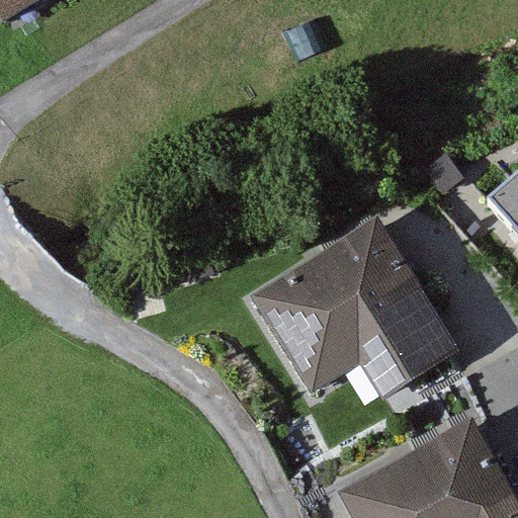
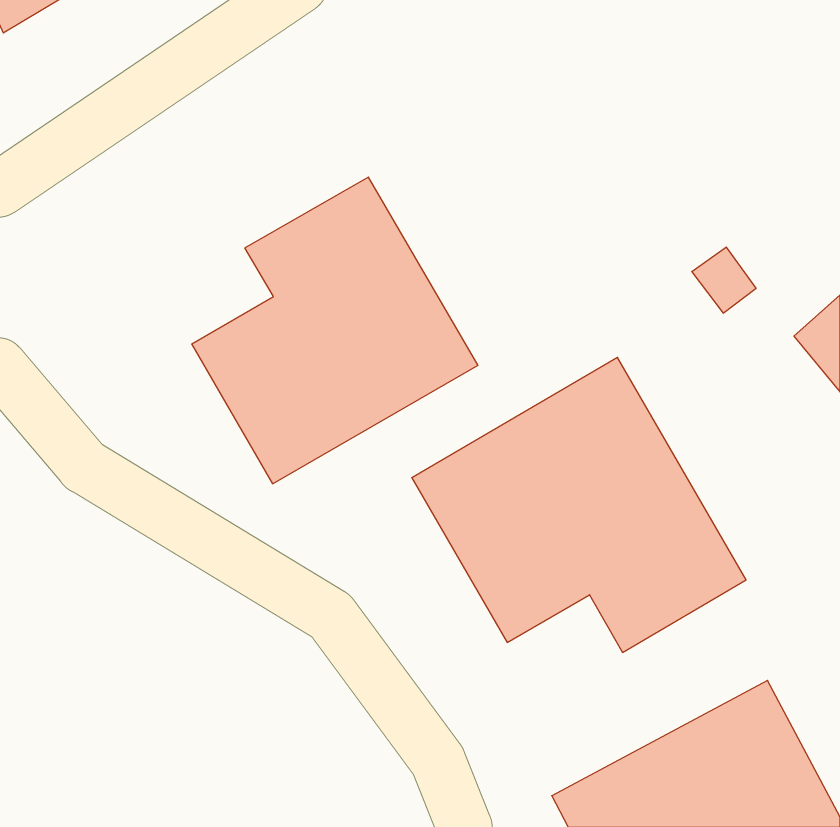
building: none -> [192,177,478,484]

